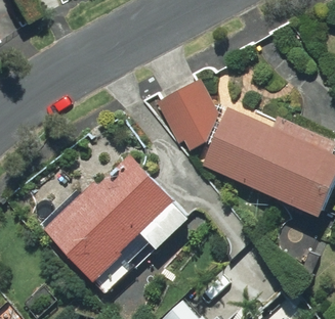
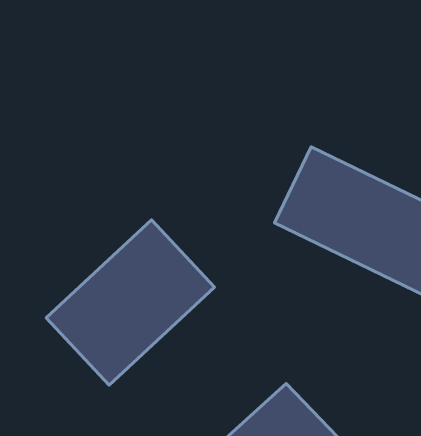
building: [168,82,228,144] -> none

